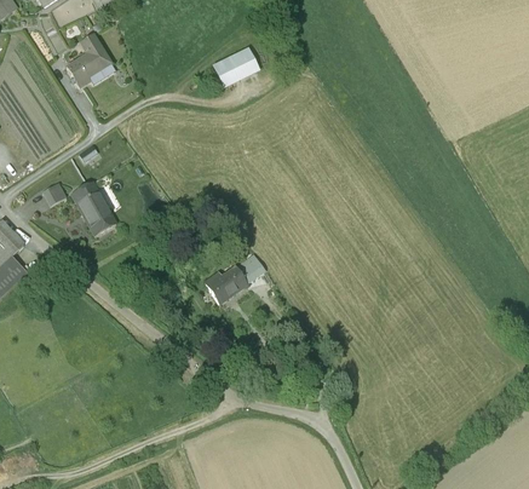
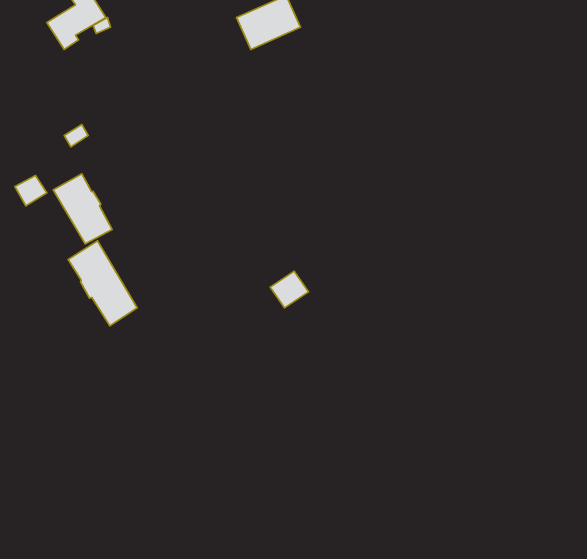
building: none -> [68,241,137,326]
building: [203,266,246,303] -> none

